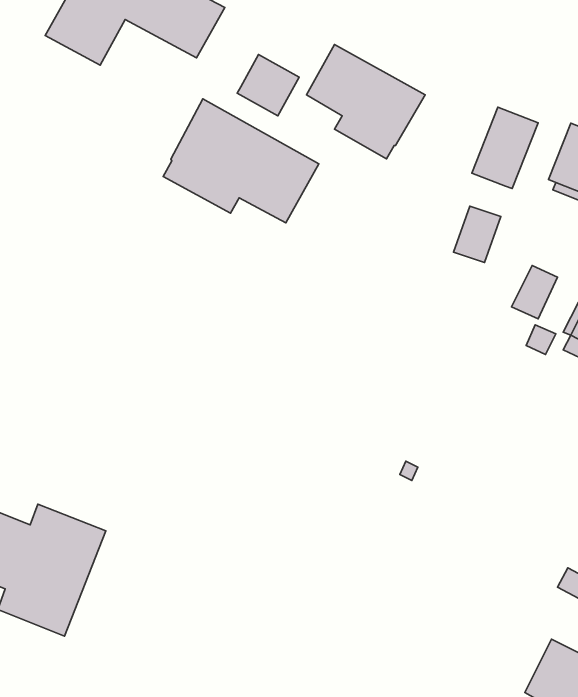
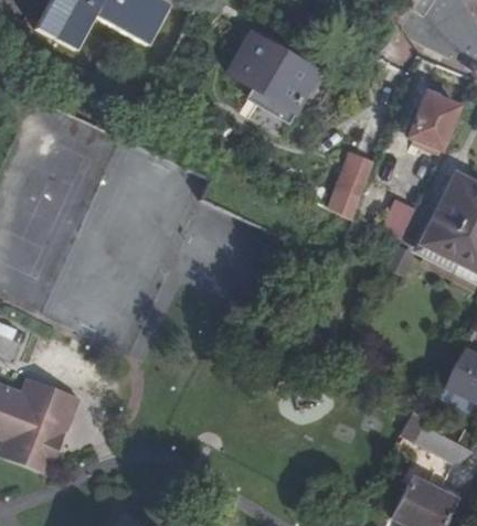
building: [237,55,299,116] -> none
building: [163,99,319,223] -> none
building: [472,107,538,189] -> none

